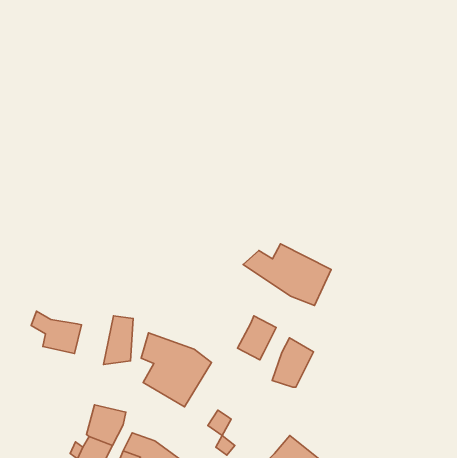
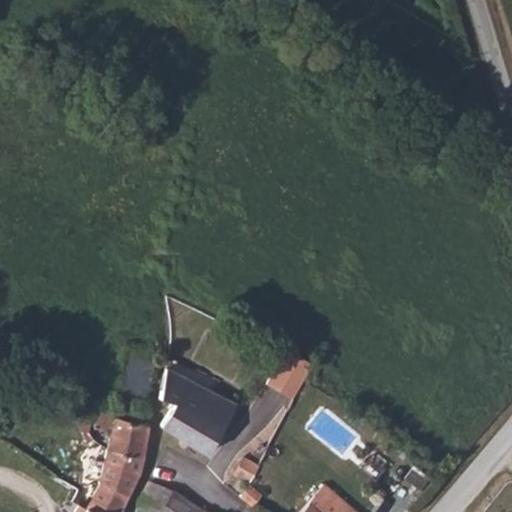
building: [243,244,331,306] -> none
building: [31,311,82,354] -> [95,413,151,460]
building: [272,338,314,387] -> none

